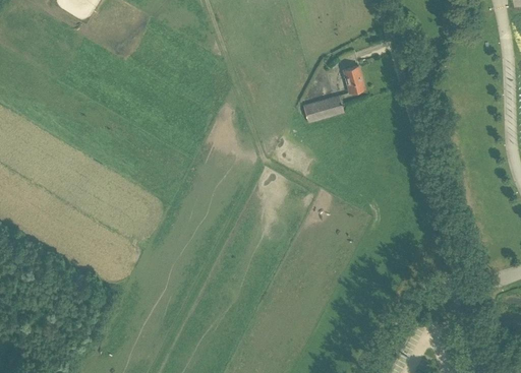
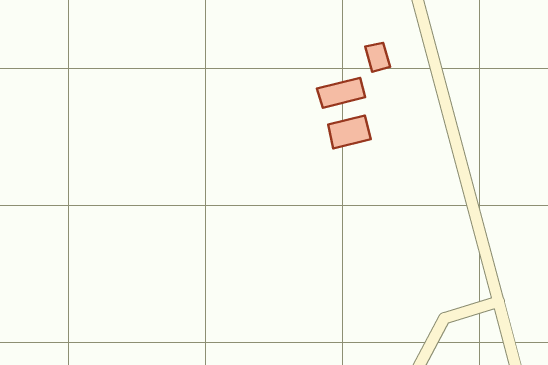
building: none -> [328,116,371,148]

